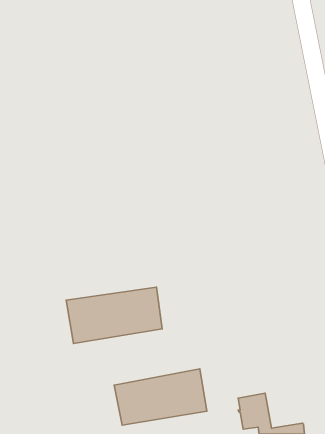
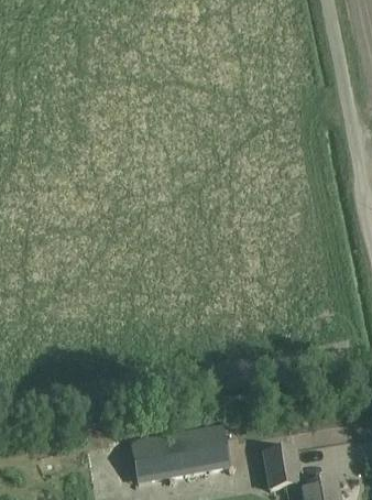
building: [66,287,162,344] -> none

